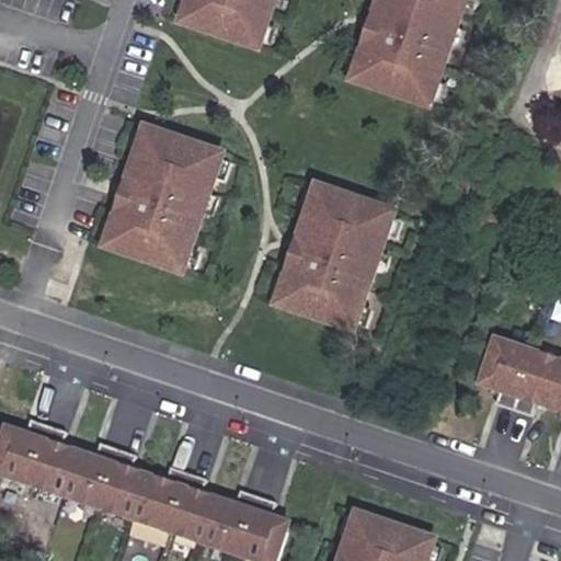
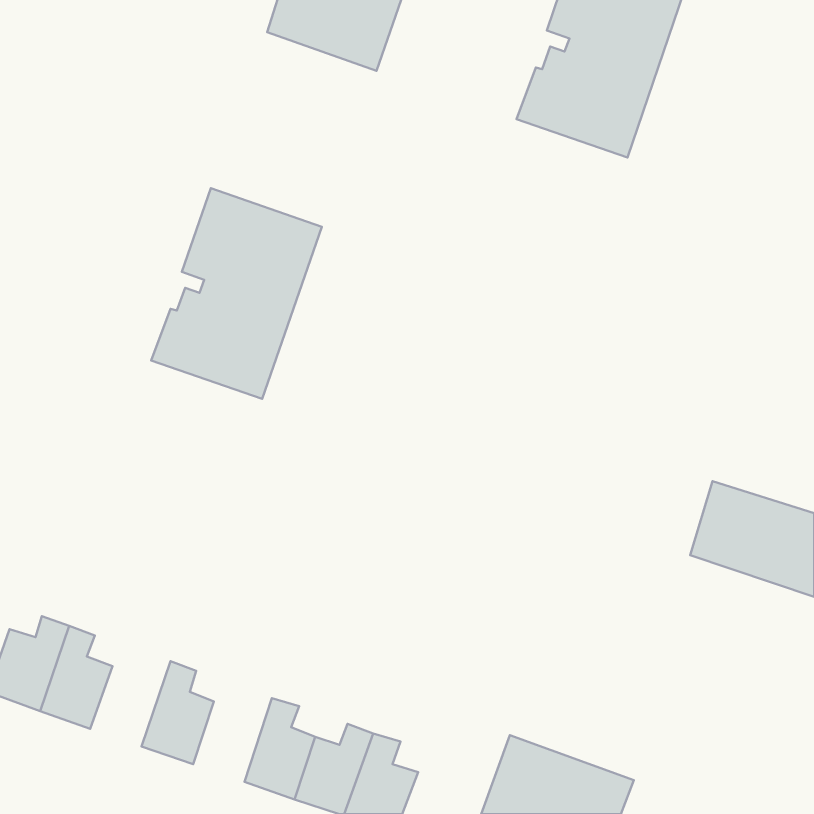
building: [274,188,390,332] -> none
building: [61,444,116,508] -> none
building: [131,469,185,533] -> none

